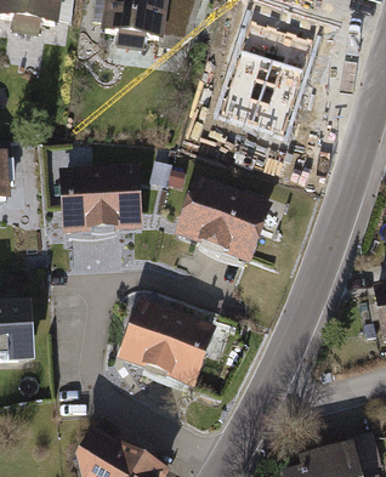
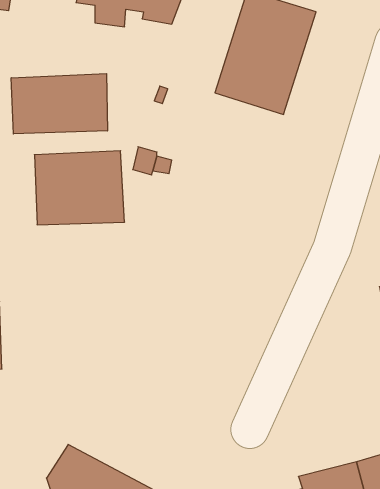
building: none -> [11,74,107,134]
building: [172,174,269,261] -> none
building: [117,297,215,385] -> none

